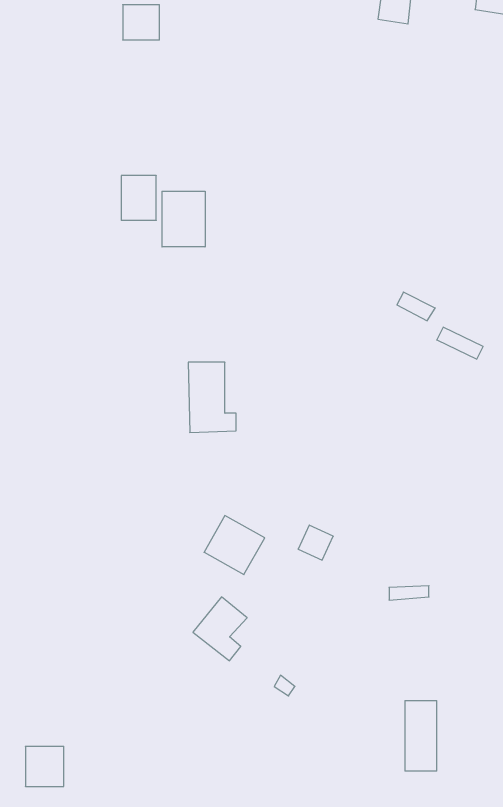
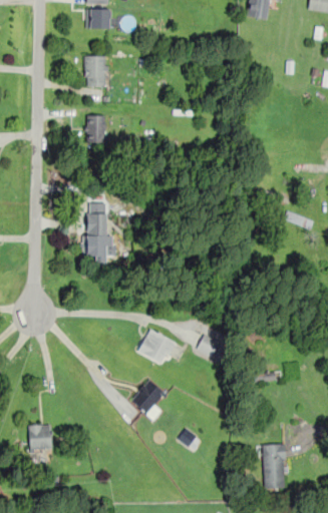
building: none -> [84,56,107,87]
building: [162,191,205,247] -> none
building: [188,362,236,432] -> [84,214,114,259]
building: [25,746,64,786] -> [28,425,52,450]

